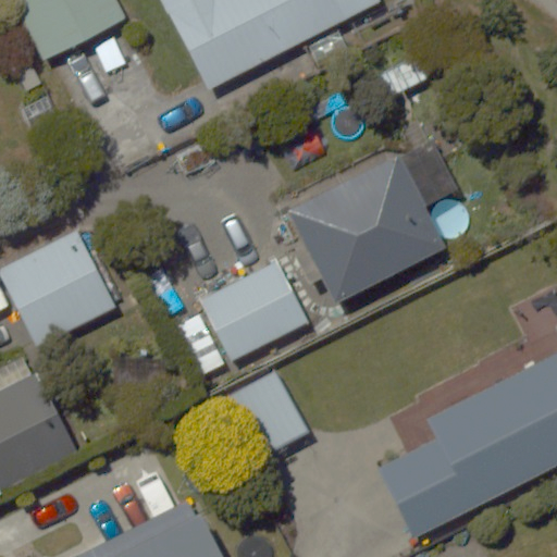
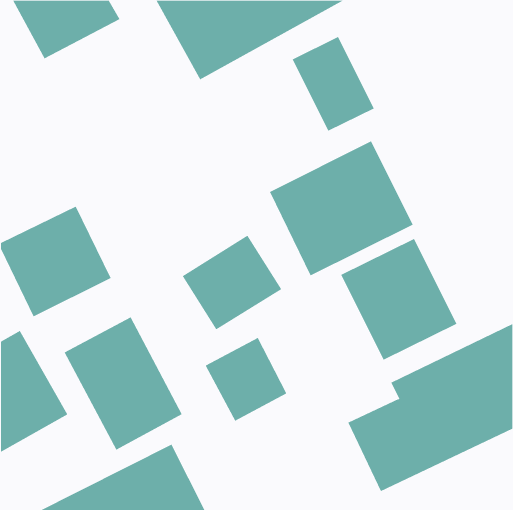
building: none -> [292,36,374,131]
building: none -> [340,238,457,361]
building: none -> [64,317,183,451]

